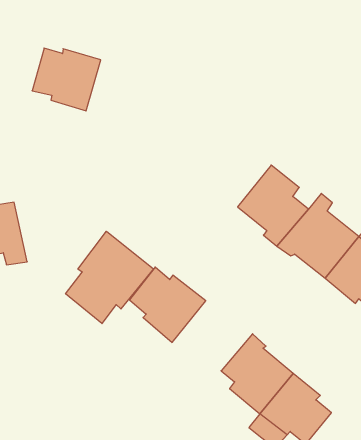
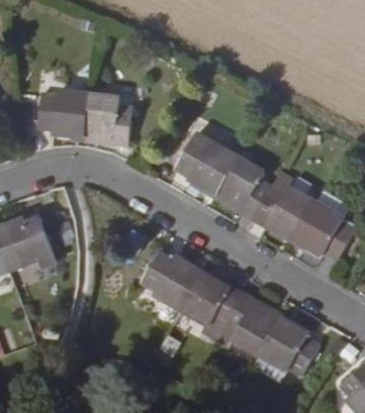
building: none -> [84,95,134,145]
building: none -> [176,134,238,194]
building: [66,231,154,324] -> none
building: none -> [182,273,245,326]

